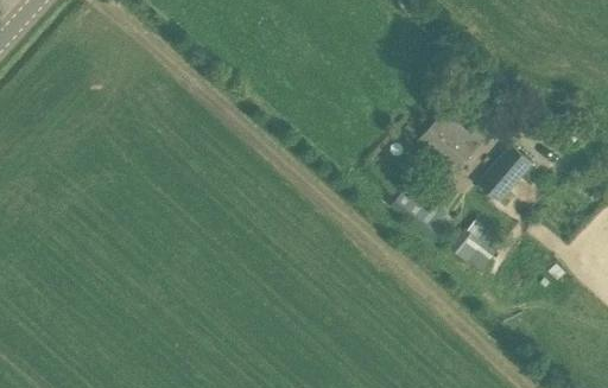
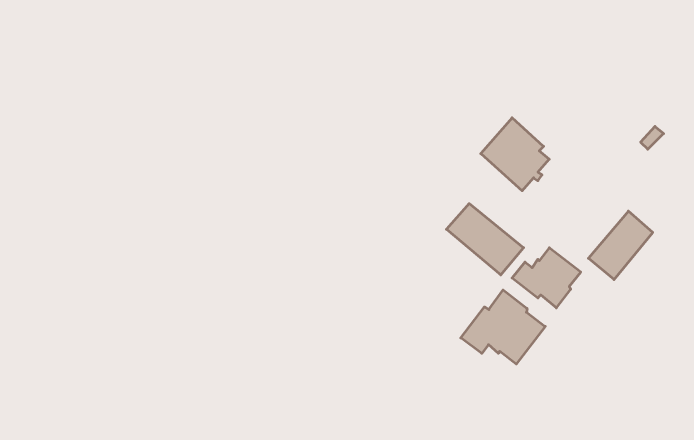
building: [477,146,531,203] -> [588,211,653,280]
building: none -> [461,290,545,364]

